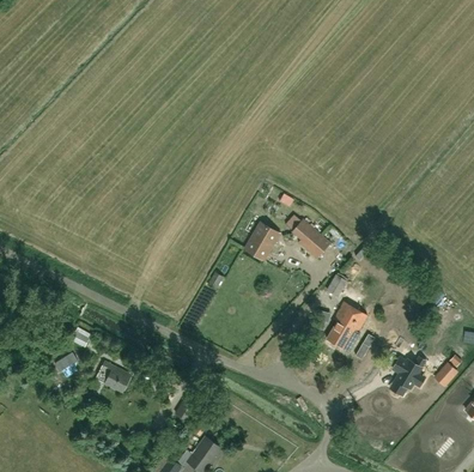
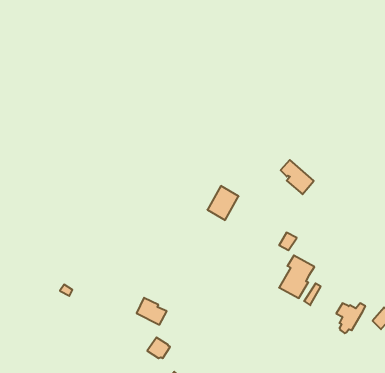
building: [292,219,330,259] -> [281,160,314,194]
building: [96,361,130,392] -> [137,298,167,325]

